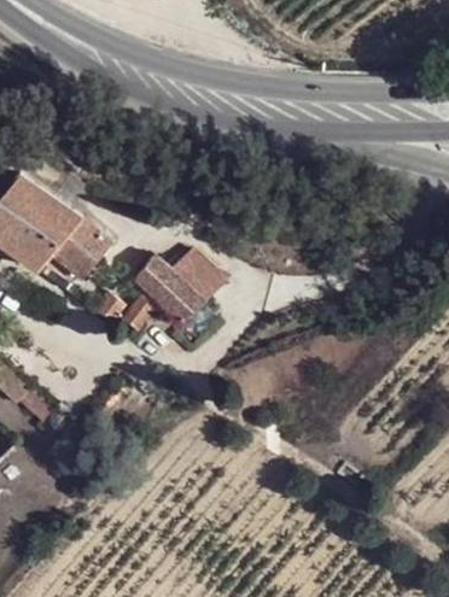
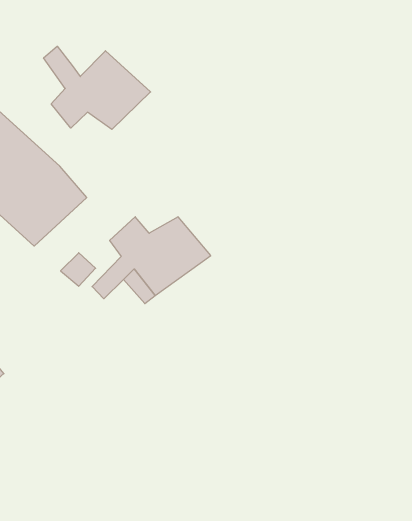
building: none -> [44,46,151,129]

